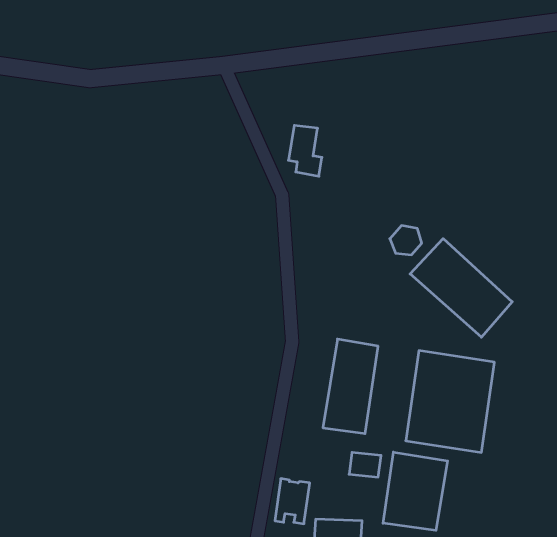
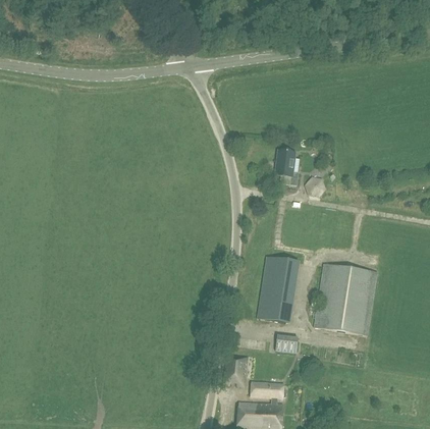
building: [288,125,322,176] -> [274,149,298,184]
building: [410,239,512,337] -> none
building: [383,452,448,530] -> none

